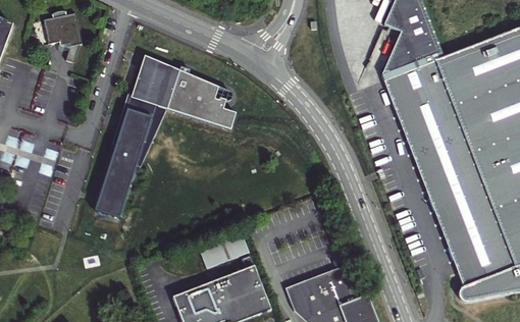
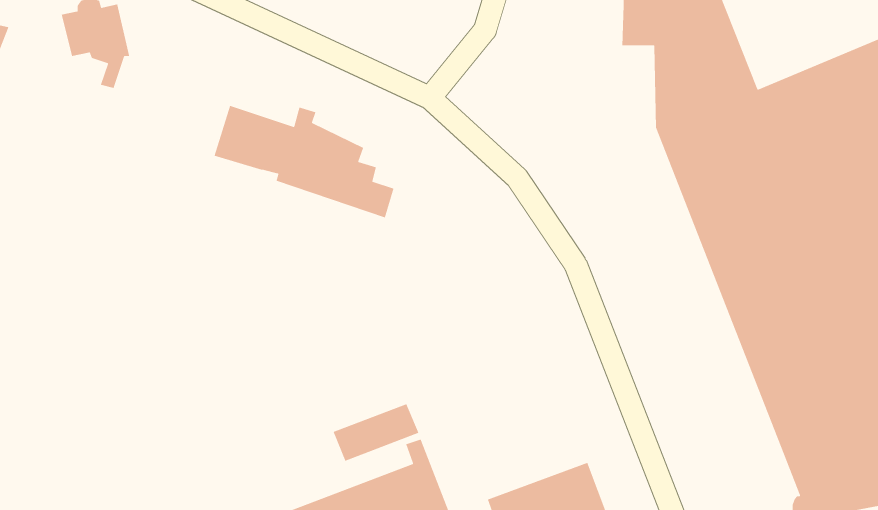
building: [94,94,167,219] -> none

